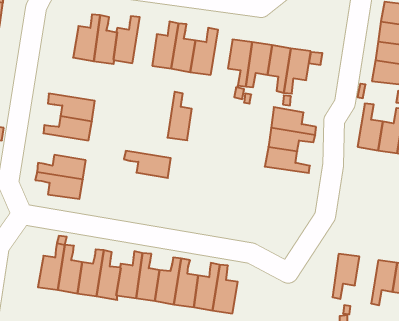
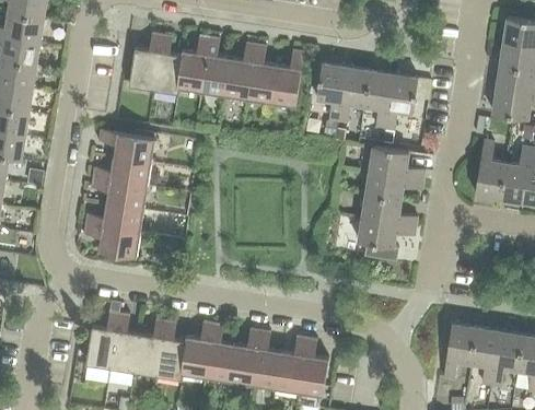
building: [167,92,192,140] -> [200,36,230,95]
building: [124,151,171,178] -> [90,177,147,210]
building: none -> [358,218,415,261]
building: none -> [470,327,499,384]

